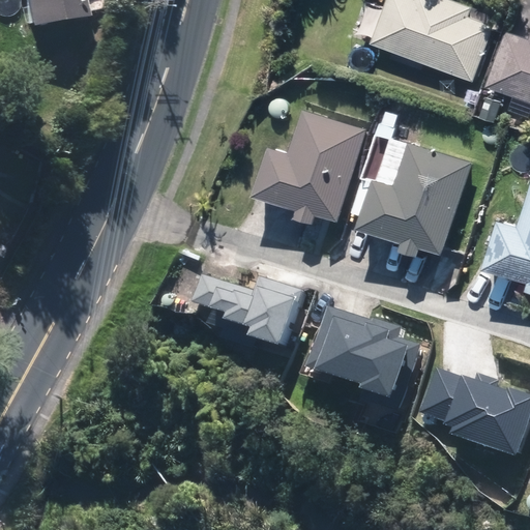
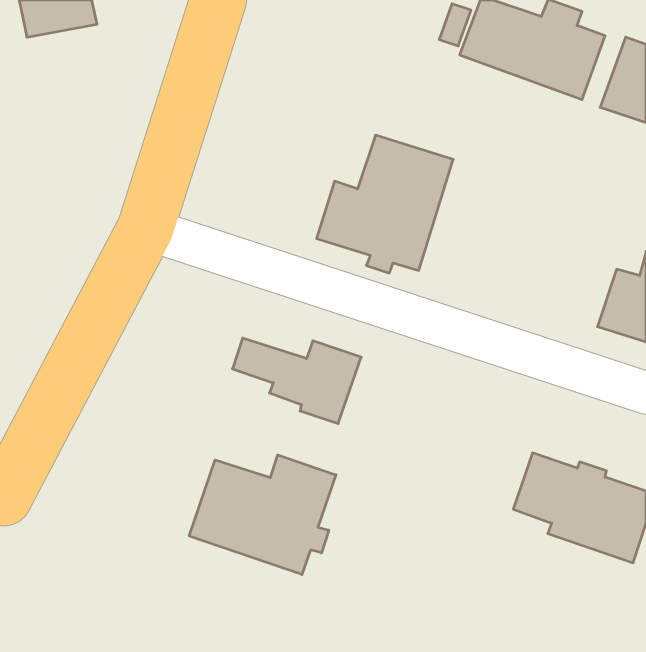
building: [361,143,472,255] -> none
building: [303,306,413,402] -> none
building: none -> [189,455,336,575]

